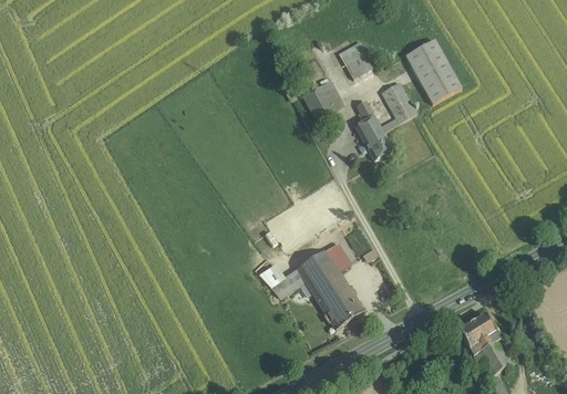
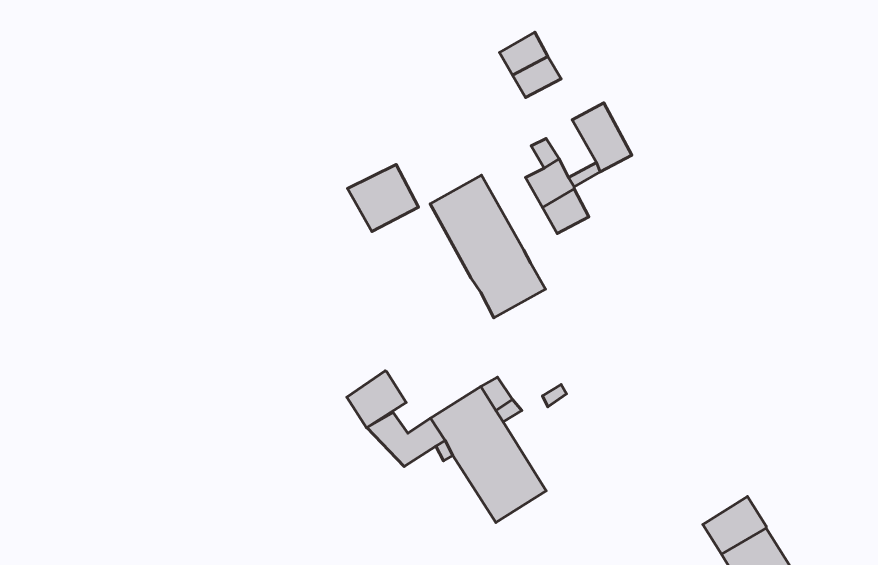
building: [404,39,461,104] -> none
building: [302,80,344,120] -> [348,164,418,232]
building: none -> [430,175,545,318]
building: none -> [347,371,406,428]

